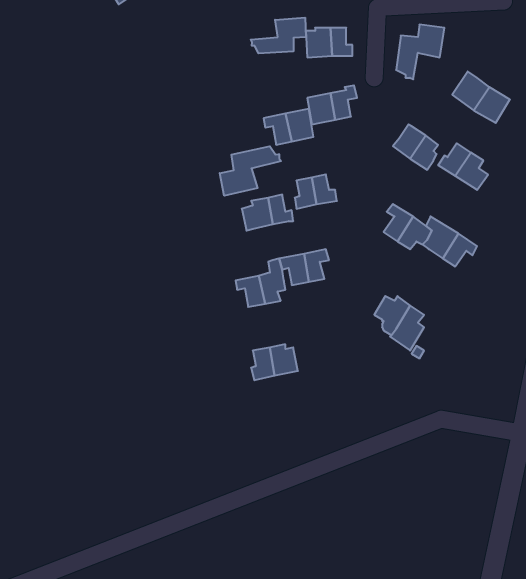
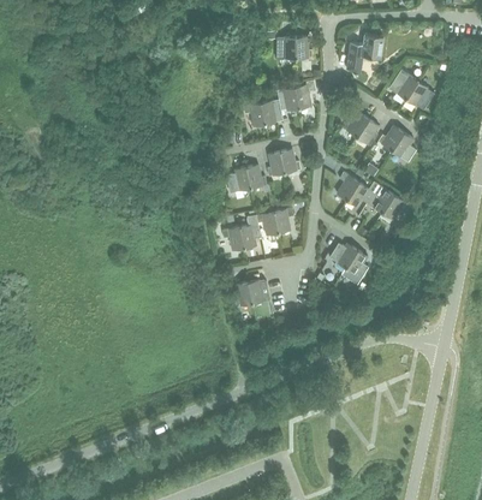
building: [251,18,306,53] -> none
building: [220,146,281,196] -> none

